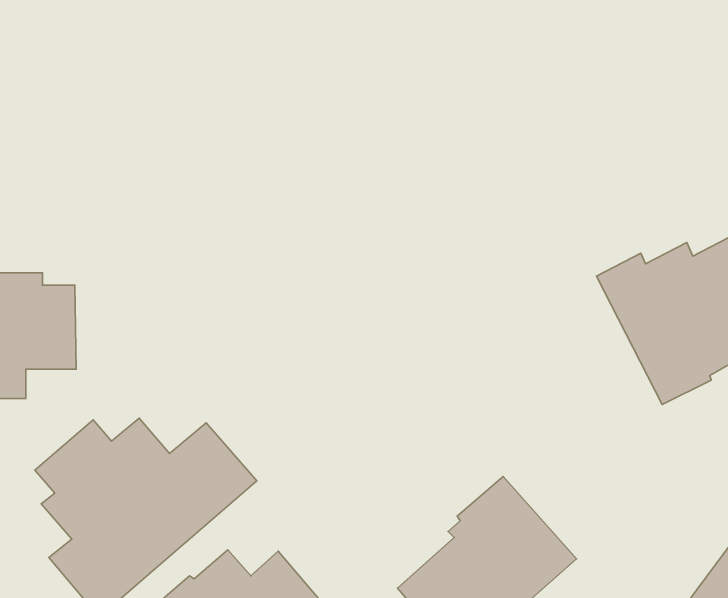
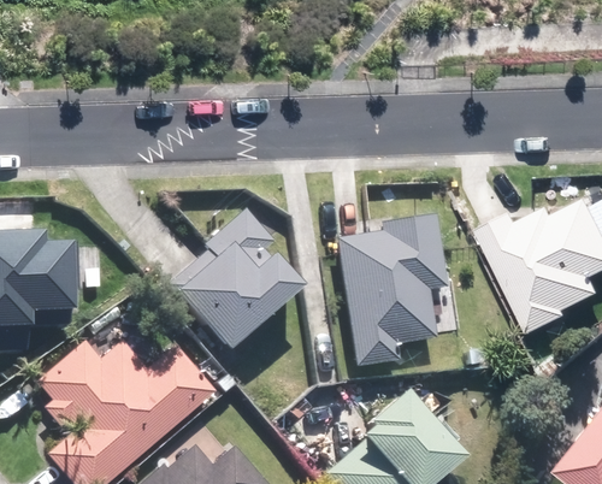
building: none -> [178,209,308,344]
building: none -> [338,214,448,365]

